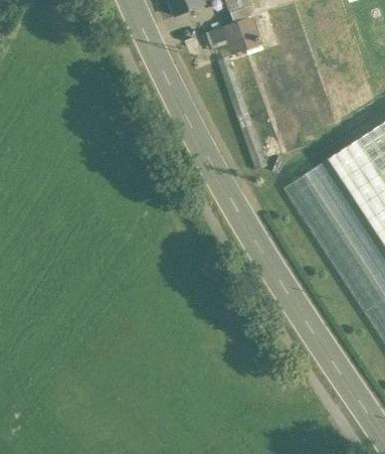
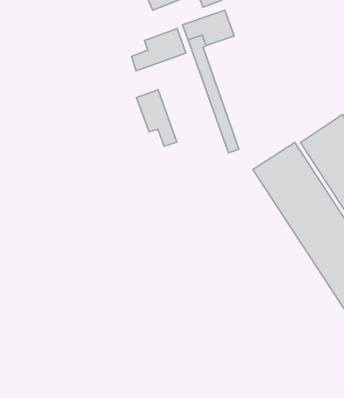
building: none -> [131,28,186,71]
building: none -> [136,90,177,146]

